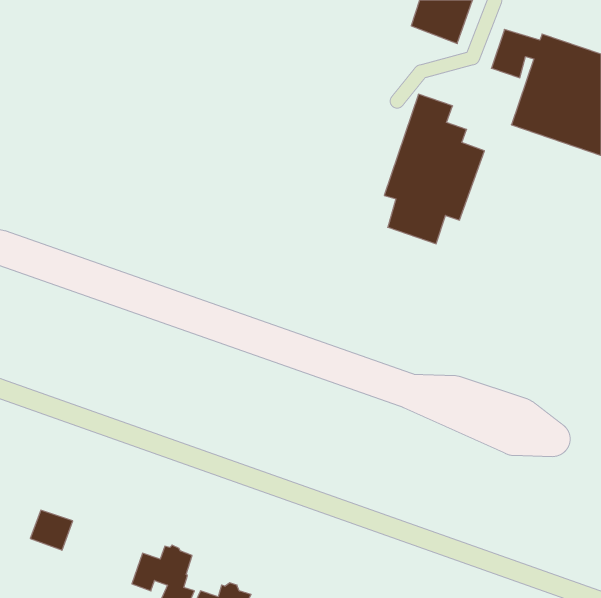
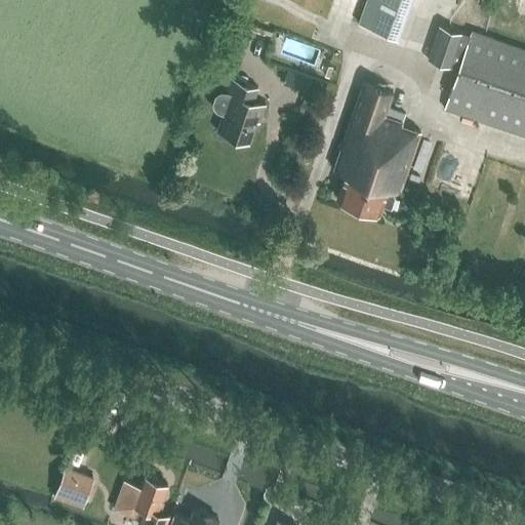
building: none -> [212,81,265,145]
building: [30,510,73,550] -> [56,470,93,504]

